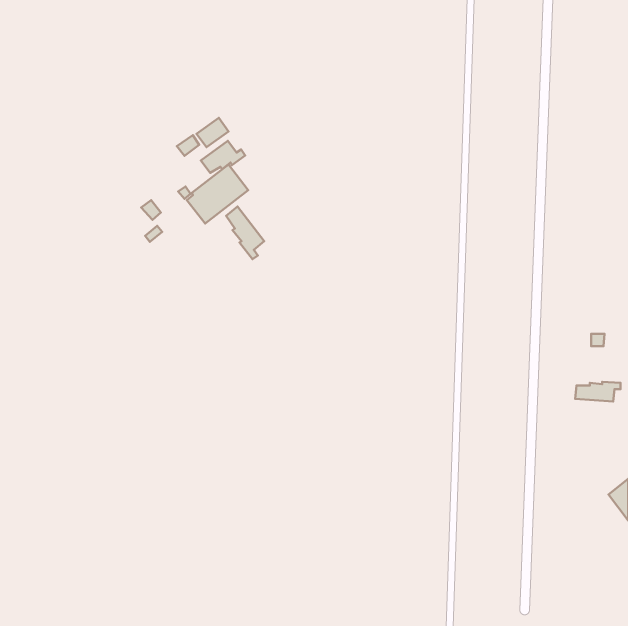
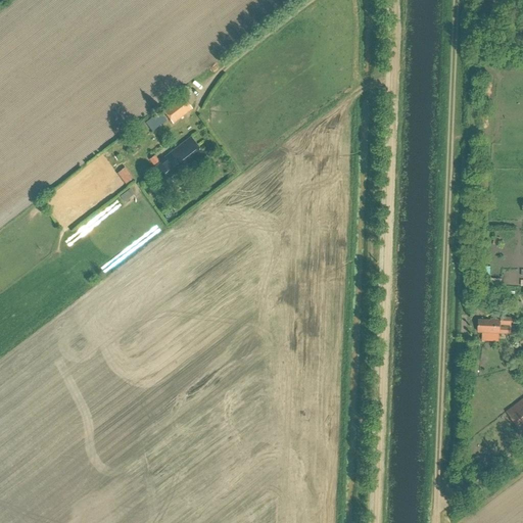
building: [201,141,245,173] -> none
building: [226,207,264,259] -> none

